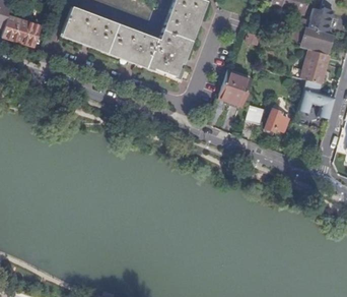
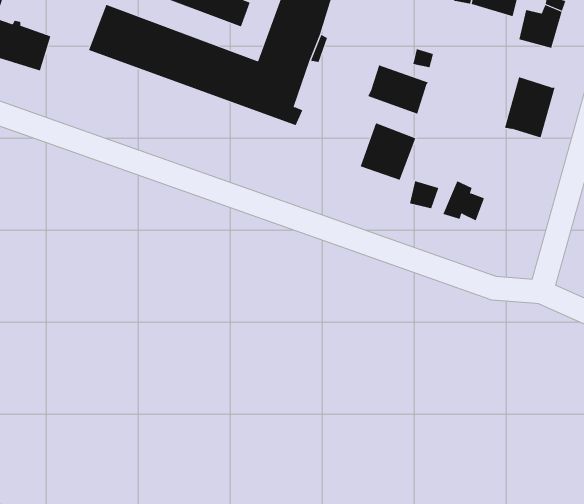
building: [301,26,334,55] -> none
building: none -> [368,64,429,115]
building: [297,79,335,120] -> none

